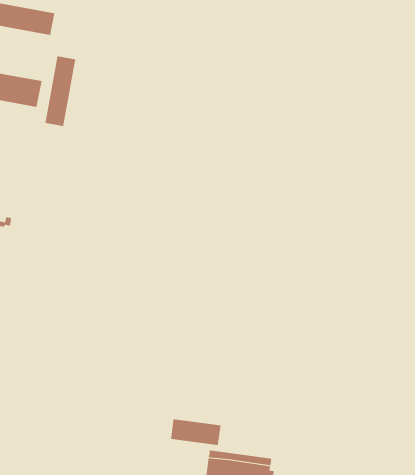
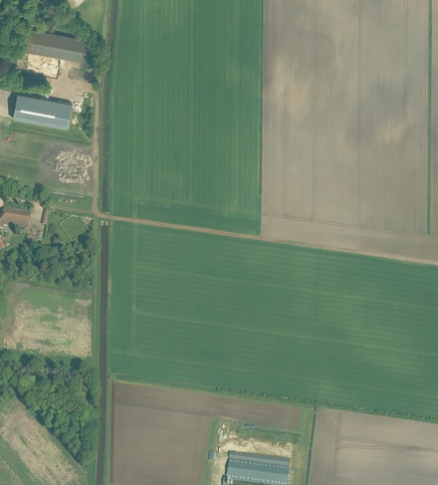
building: [45,56,76,127] -> none
building: [171,418,221,446] -> none

